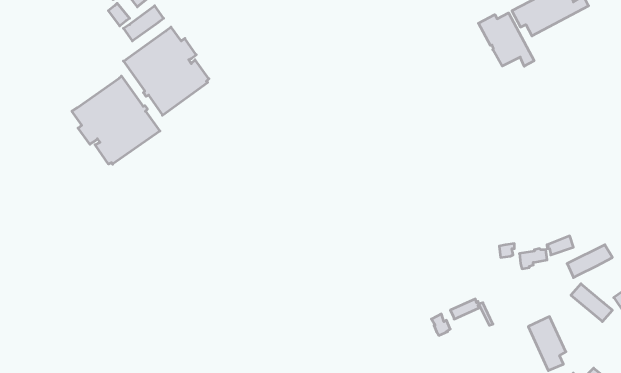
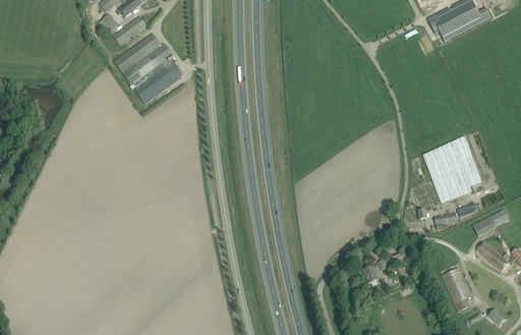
building: [478,13,534,66] -> none
building: [72,76,160,164] -> none
building: none -> [422,135,481,203]

